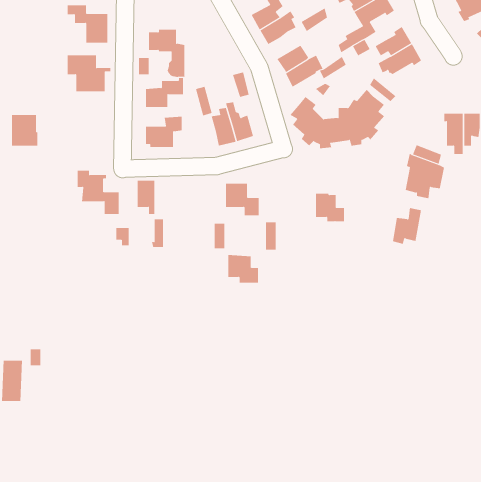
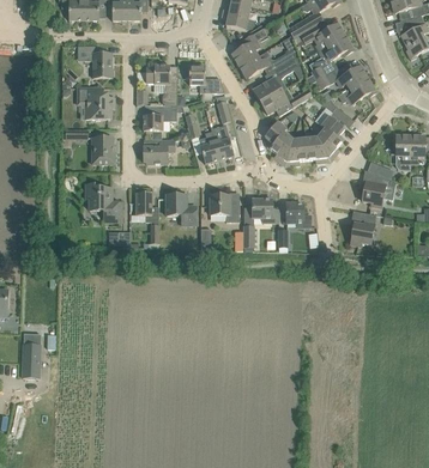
building: none -> [188,65,224,92]
building: [11,115,38,146] -> [92,136,115,163]
building: none -> [167,192,197,224]
building: [227,255,259,283] -> [253,197,279,221]

